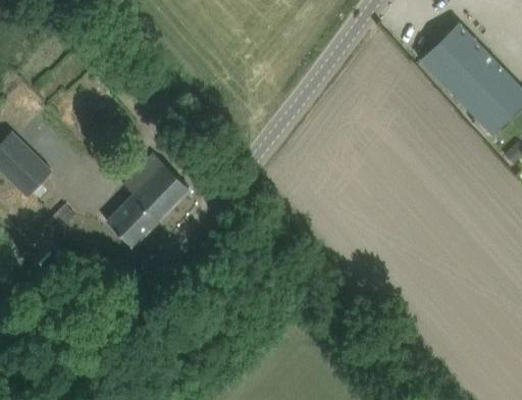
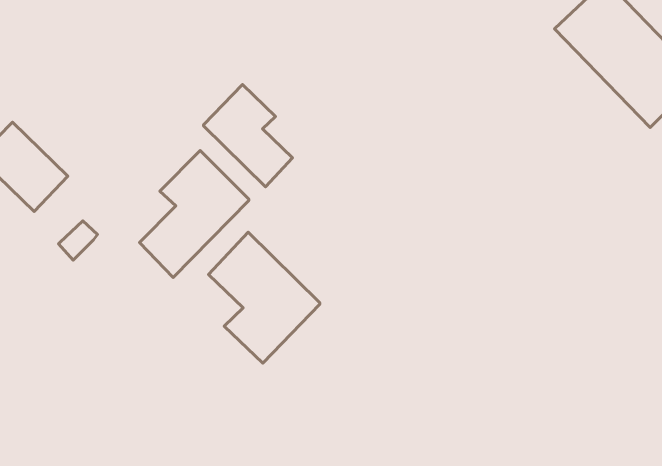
building: none -> [203,84,293,187]
building: none -> [208,232,320,363]

